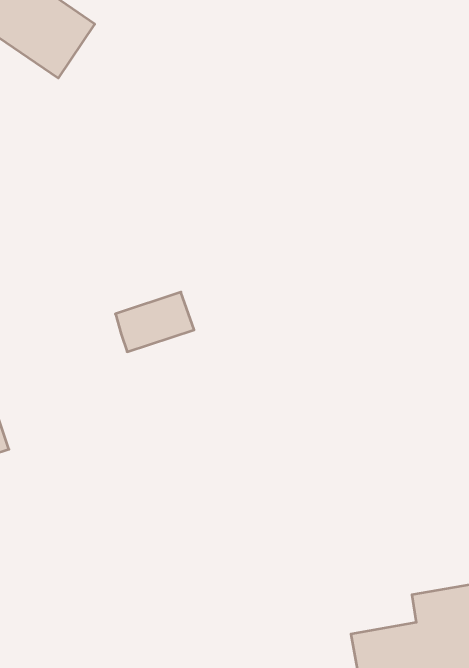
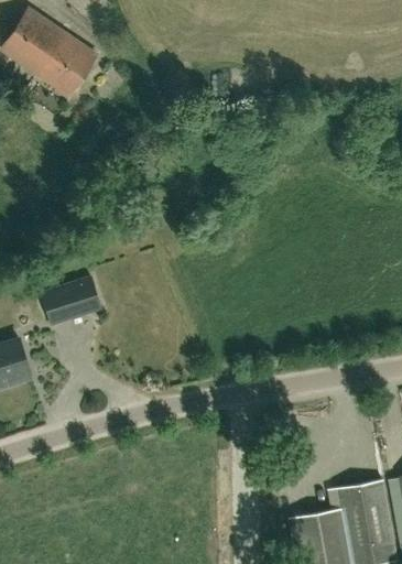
building: [115,292,194,352] -> [41,276,100,322]

